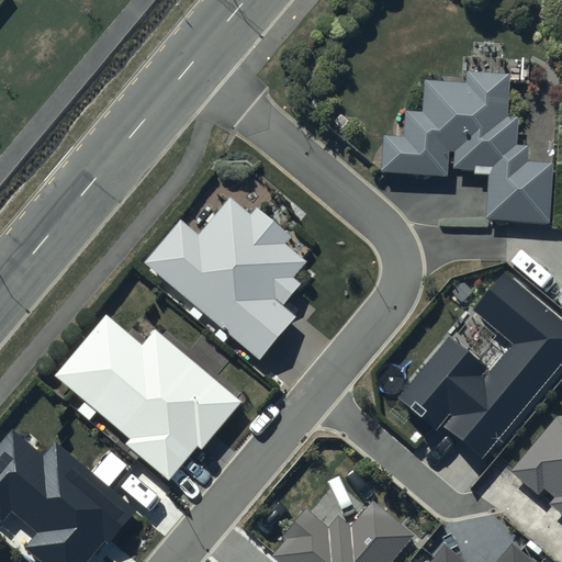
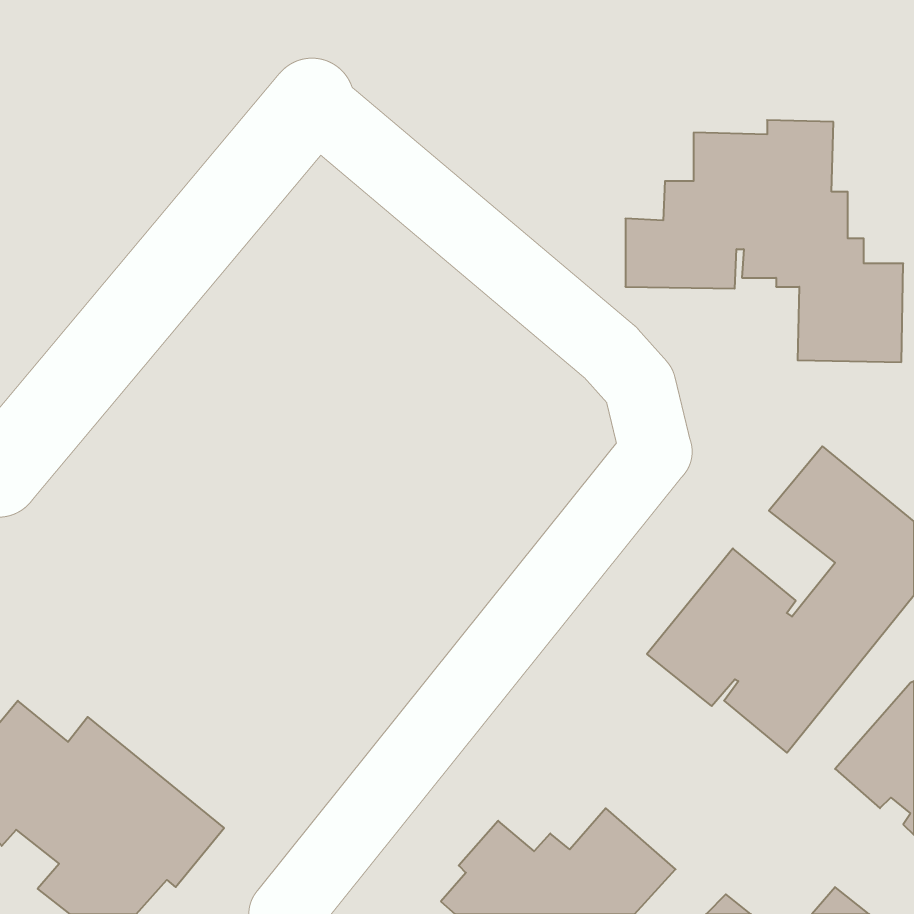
building: [144,194,306,353] -> none
building: [52,316,241,485] -> none

